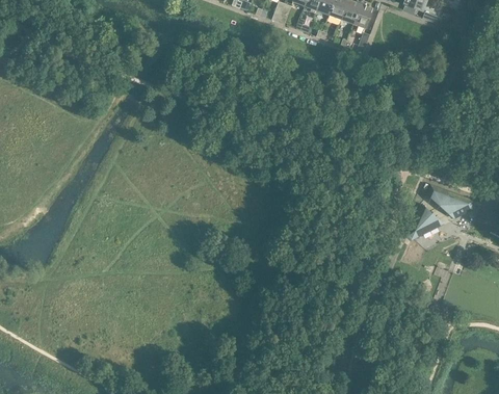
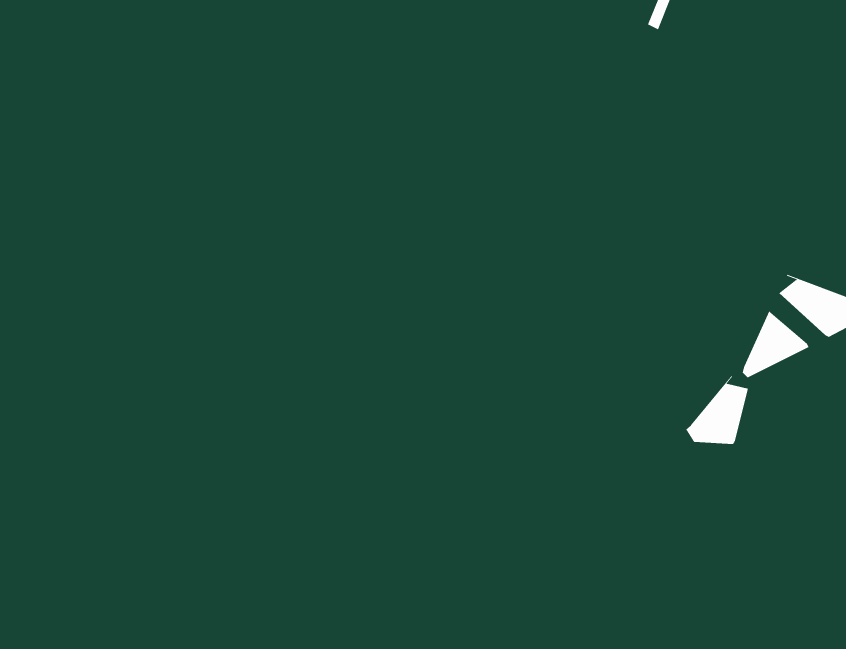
building: none -> [685,375,748,445]

